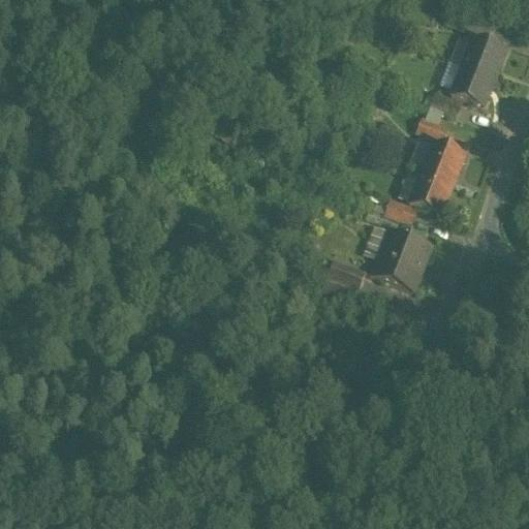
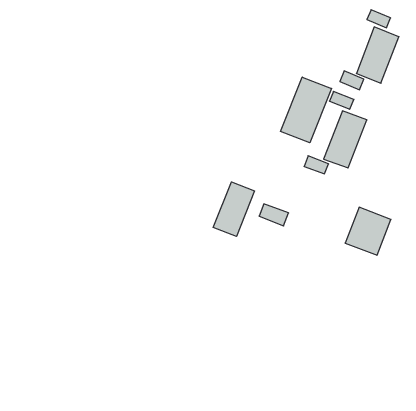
building: none -> [280,77,332,143]
building: [374,228,432,289] -> [345,207,391,255]
building: none -> [213,182,255,236]

